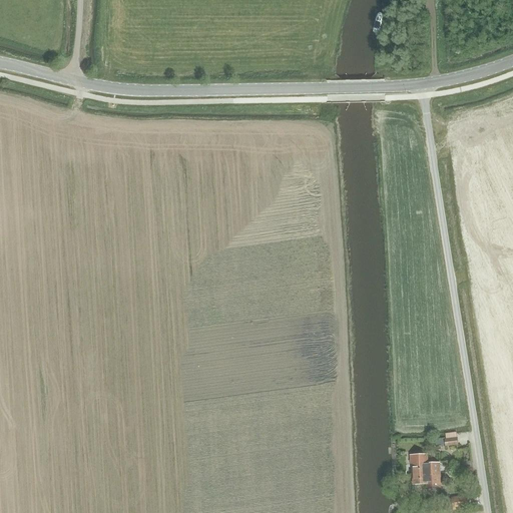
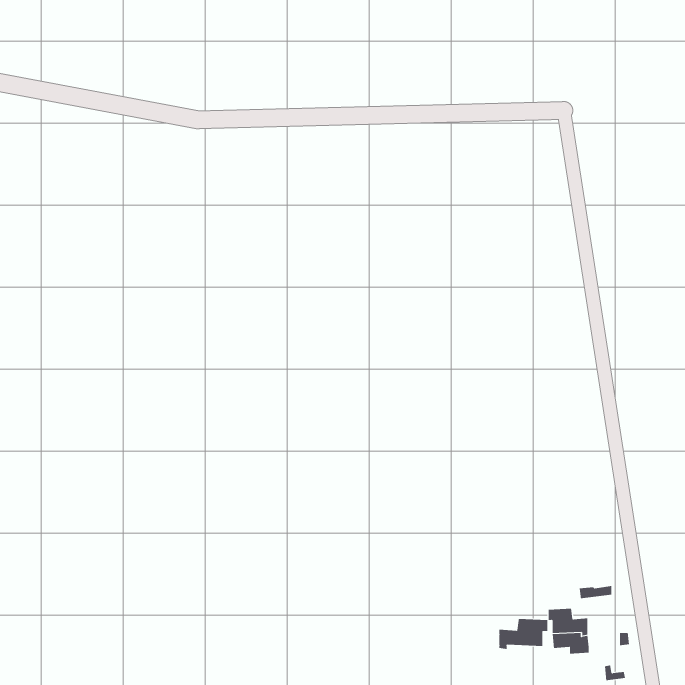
building: none -> [499,618,548,650]

